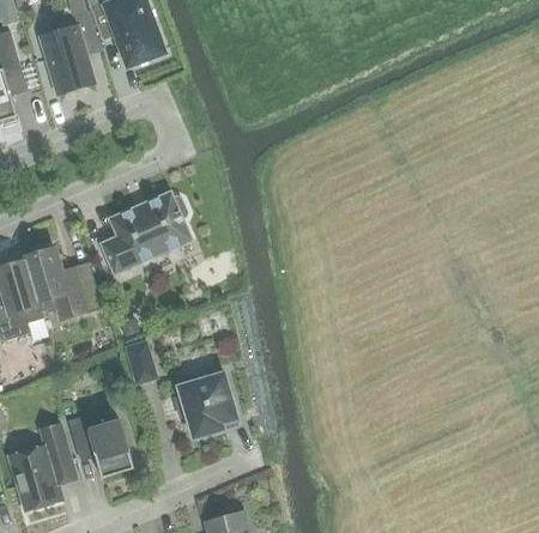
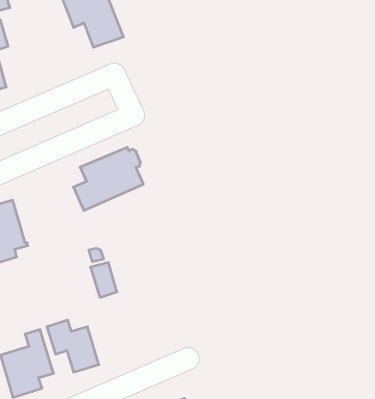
building: [41,10,97,92] -> none
building: [24,246,102,319] -> none
building: [175,371,237,437] -> none

